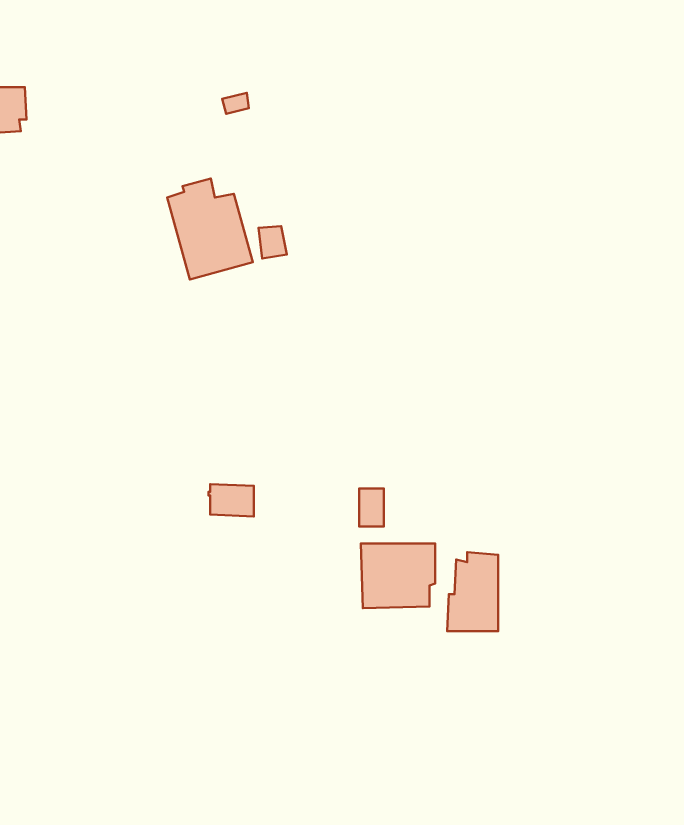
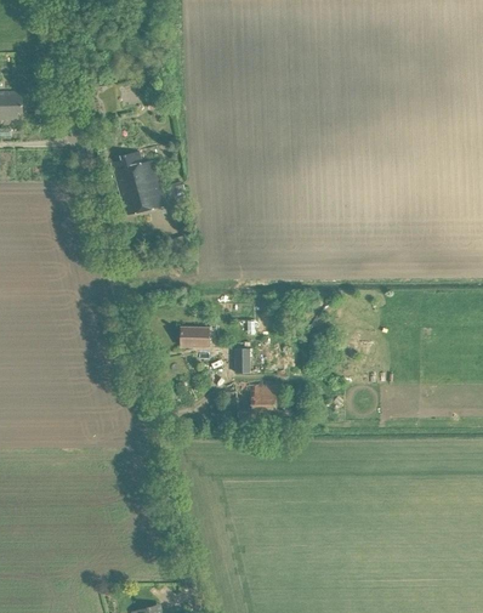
building: [208,484,254,516] -> [180,327,209,347]
building: [447,552,498,631] -> none

